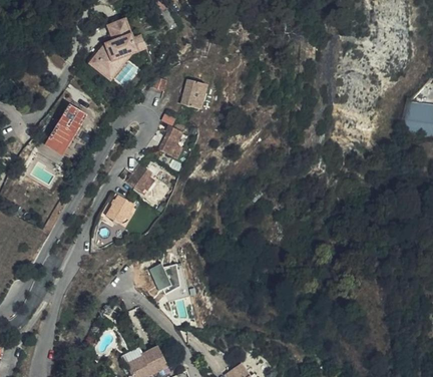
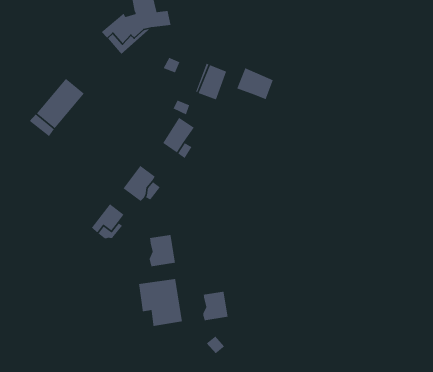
building: none -> [236,67,274,100]
building: none -> [149,234,176,267]
building: none -> [202,291,228,321]

